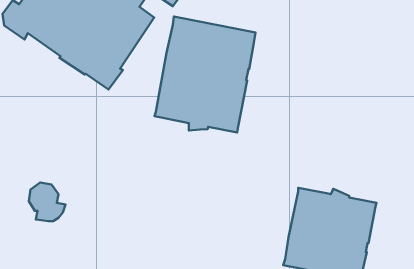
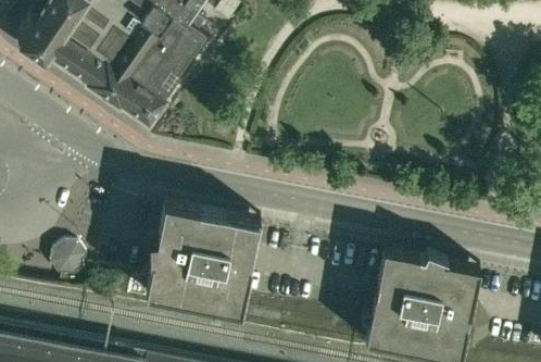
building: [154,17,256,133] -> none
building: none -> [144,197,259,312]

